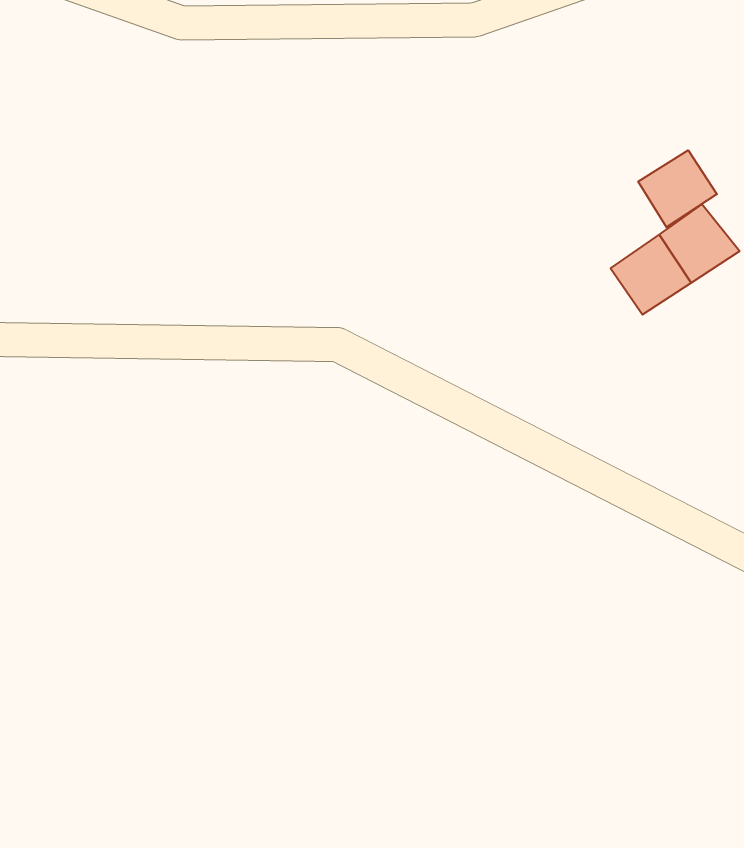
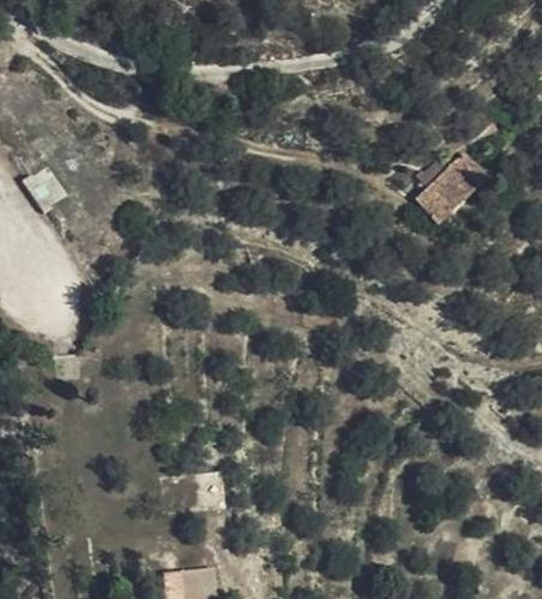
building: [638,150,717,227] -> none

